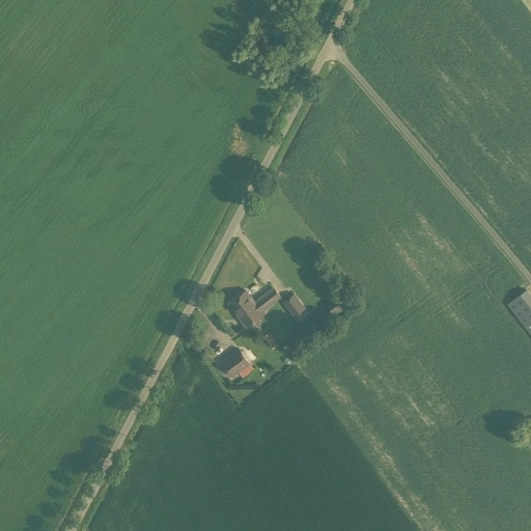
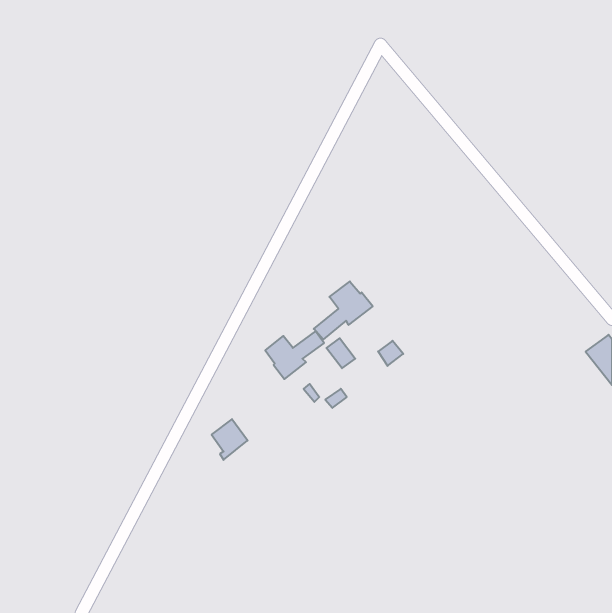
building: none -> [314,281,373,340]
building: [221,348,252,384] -> [212,419,248,460]

